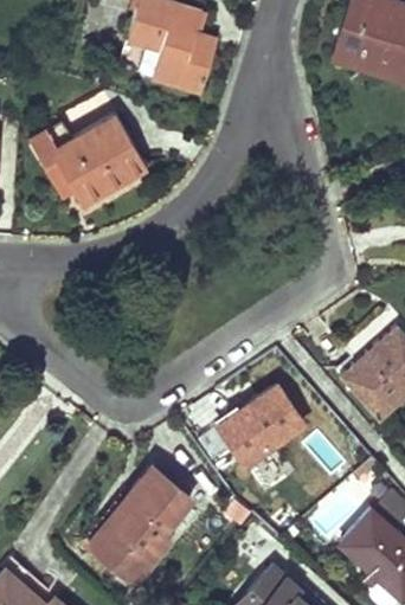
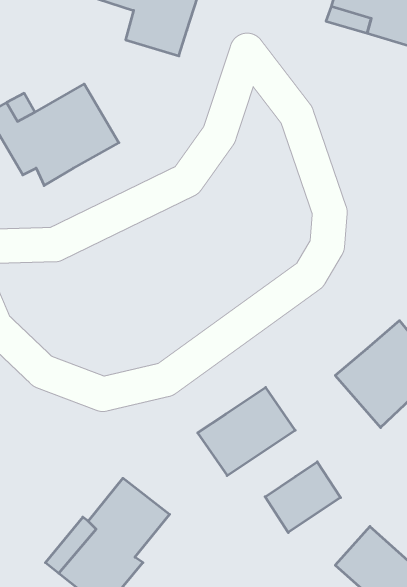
building: none -> [265,462,341,533]

